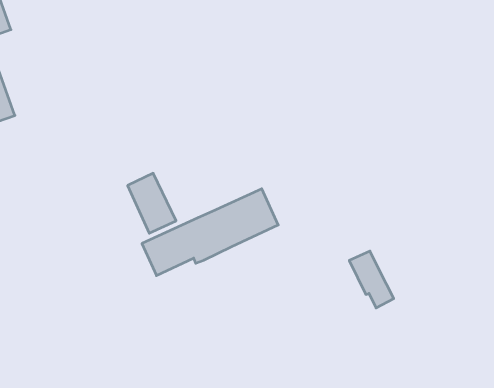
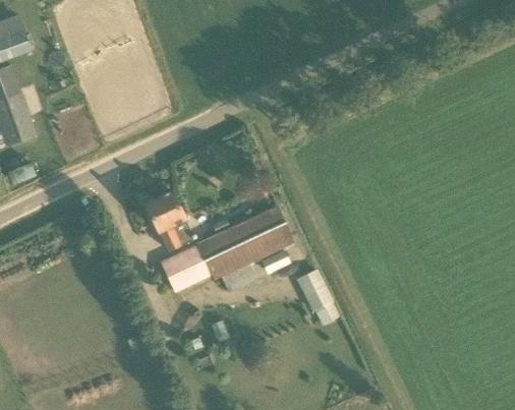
building: [349,251,394,308] -> [295,269,339,325]

